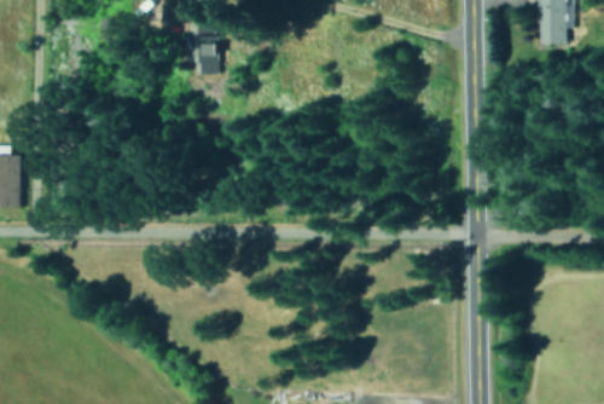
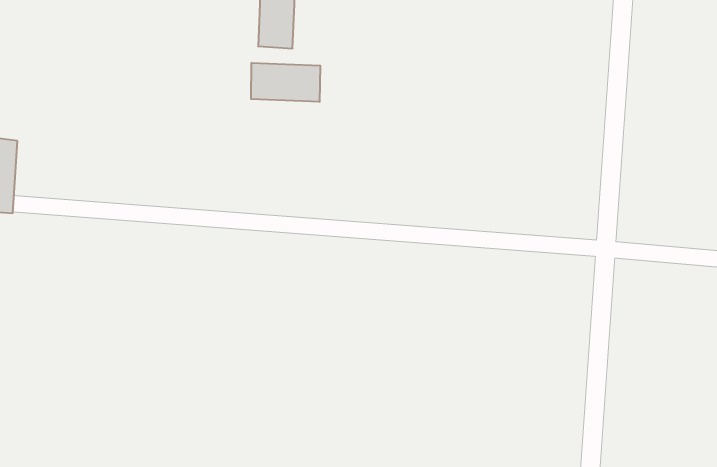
building: none -> [251,63,320,102]

